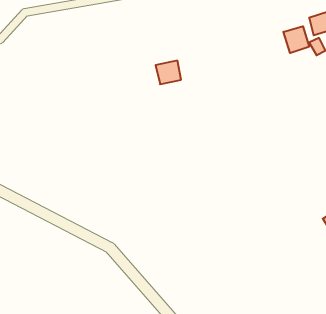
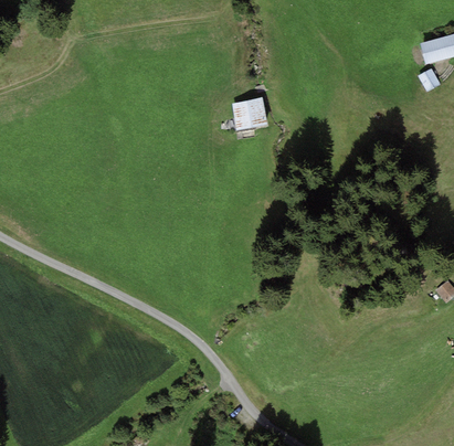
building: [283,26,309,53] -> none

